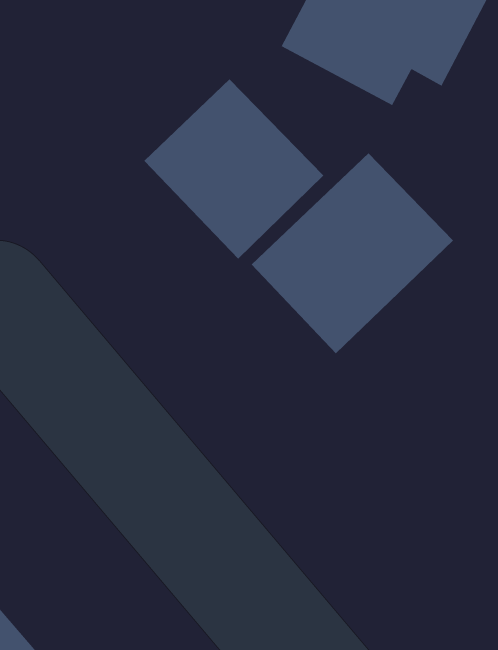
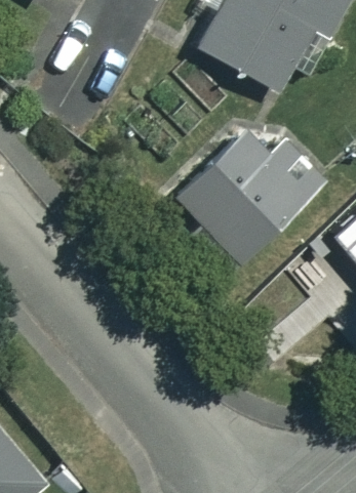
building: [144,78,324,259] -> none

